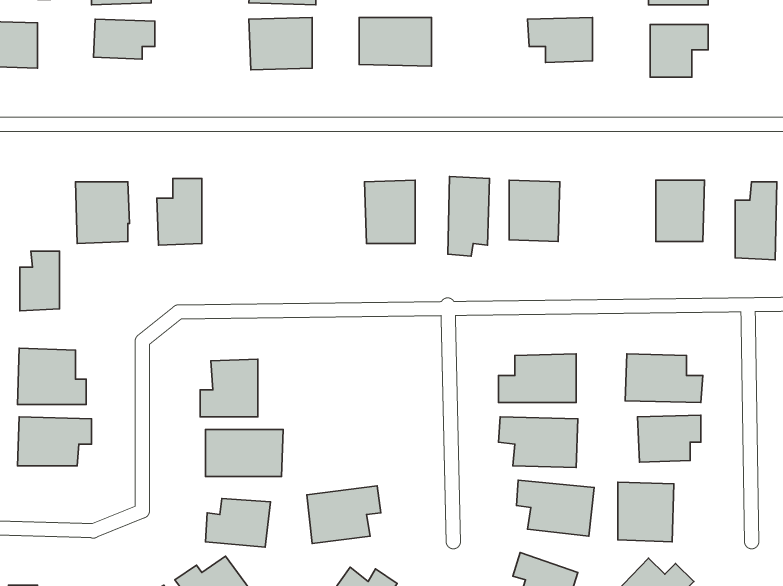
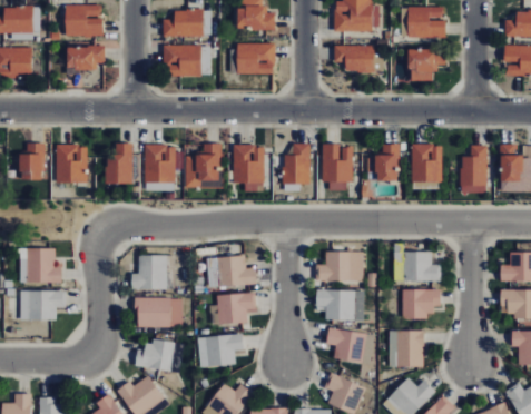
building: none -> [186,144,222,188]
building: none -> [368,144,401,180]
building: none -> [145,146,176,184]
building: [20,251,60,311] -> [20,144,45,180]
building: none -> [218,256,257,286]
building: none -> [212,294,256,325]

